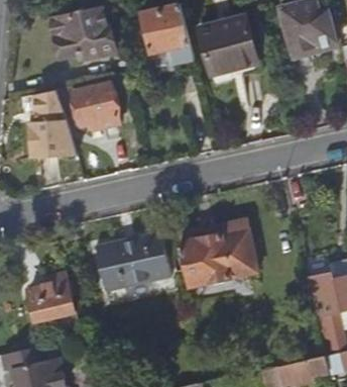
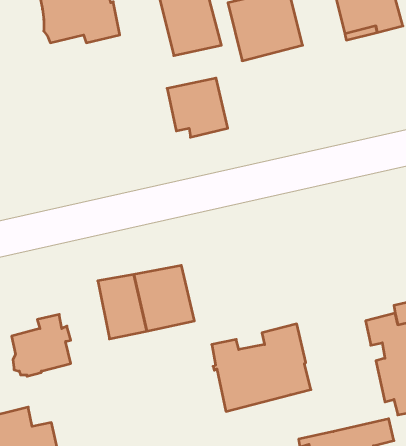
building: [72,85,119,131] -> [167,78,228,137]
building: [29,90,78,158] -> none
building: [180,217,257,286] -> [212,324,311,411]

